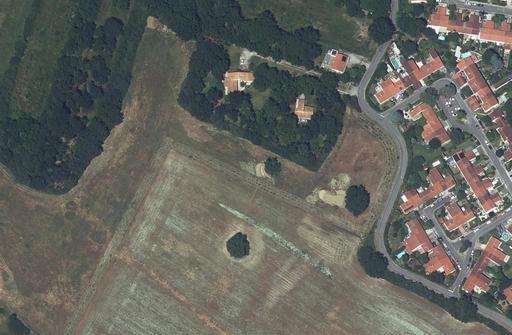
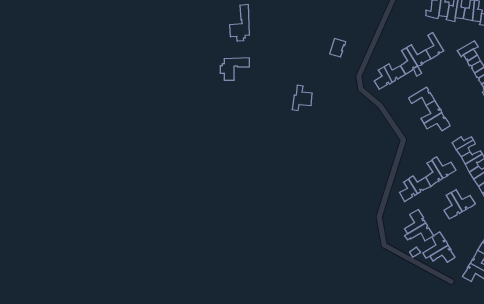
building: none -> [230,4,249,41]

